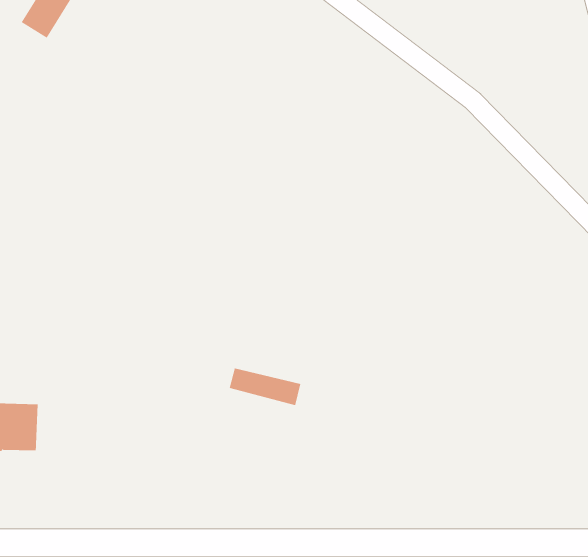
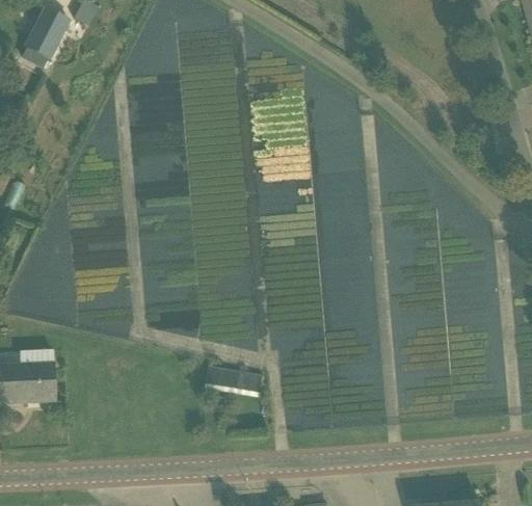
building: [229,368,301,406] -> [206,366,263,393]

